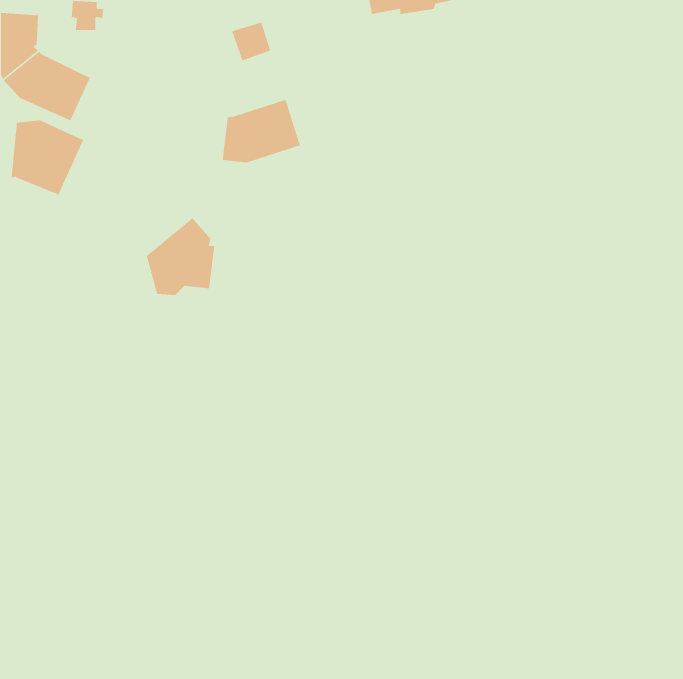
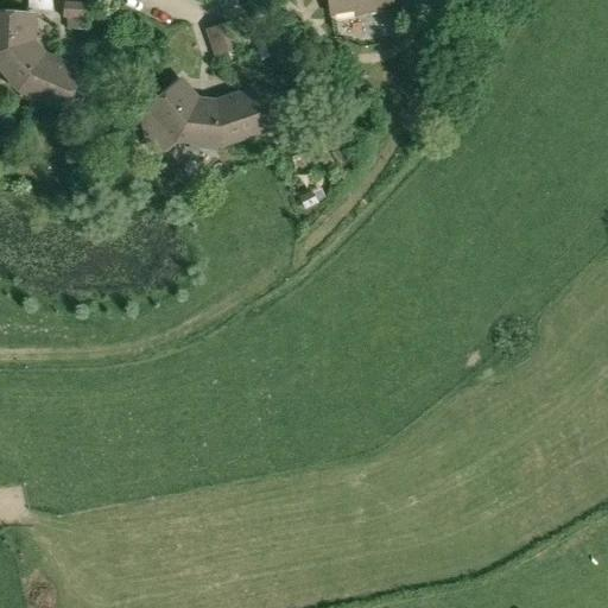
building: [11,119,84,196] -> none
building: [146,217,215,296] -> [140,78,202,148]

